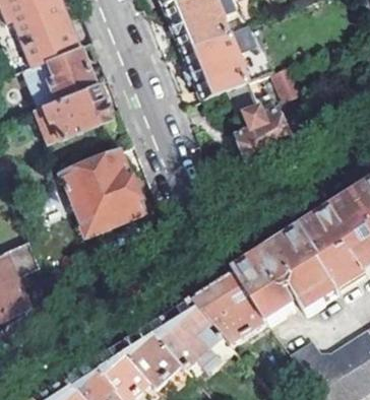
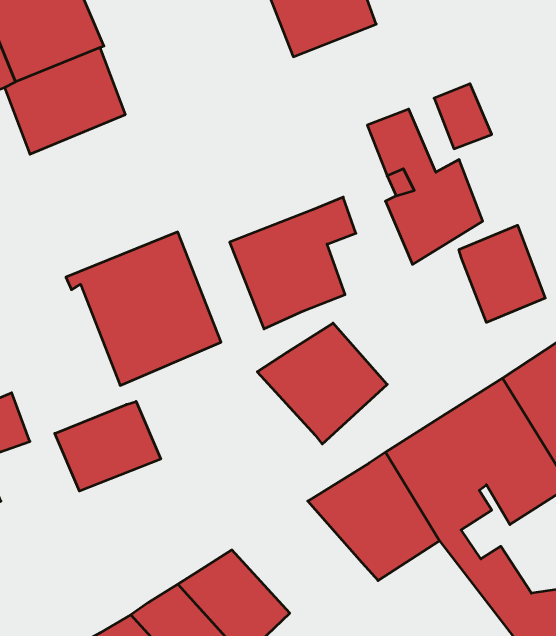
building: [185,25,256,99] -> [230,197,356,329]
building: [32,82,108,142] -> none
building: none -> [459,225,545,322]
building: none -> [55,401,161,491]
building: [150,301,224,369] -> [257,323,387,444]

